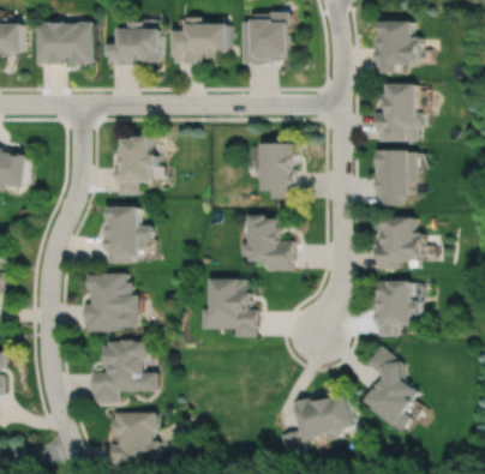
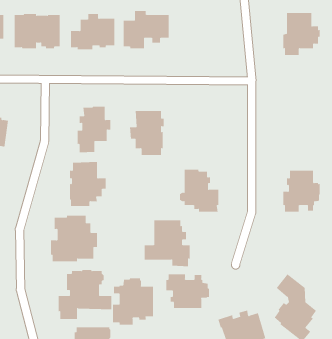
building: [242,10,298,64] -> none
building: [373,82,421,140] -> none
building: [255,142,299,198] -> [129,111,165,155]
building: [375,149,417,205] -> none
building: [373,281,418,336] -> none
building: none -> [166,273,209,309]
building: none -> [113,278,154,325]

